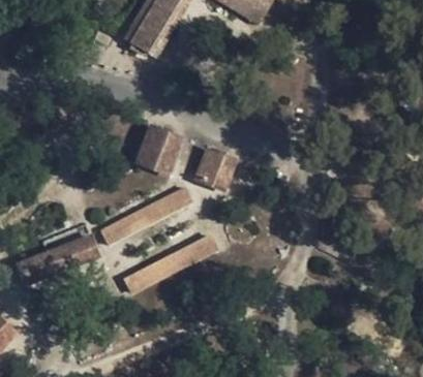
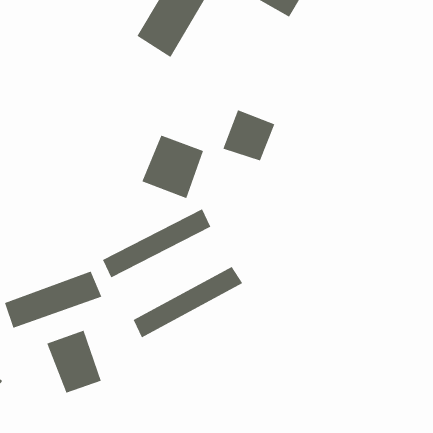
building: [191,146,236,189] -> [223,110,275,161]
building: none -> [47,330,102,393]

